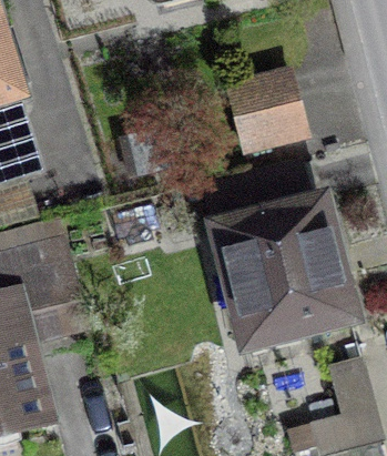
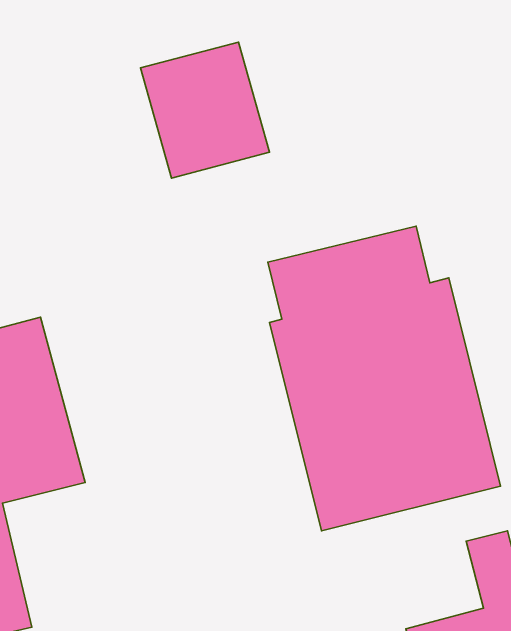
building: [226,69,309,156] -> [140,42,270,178]

